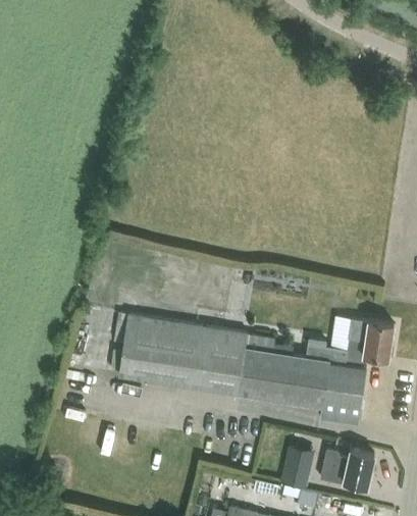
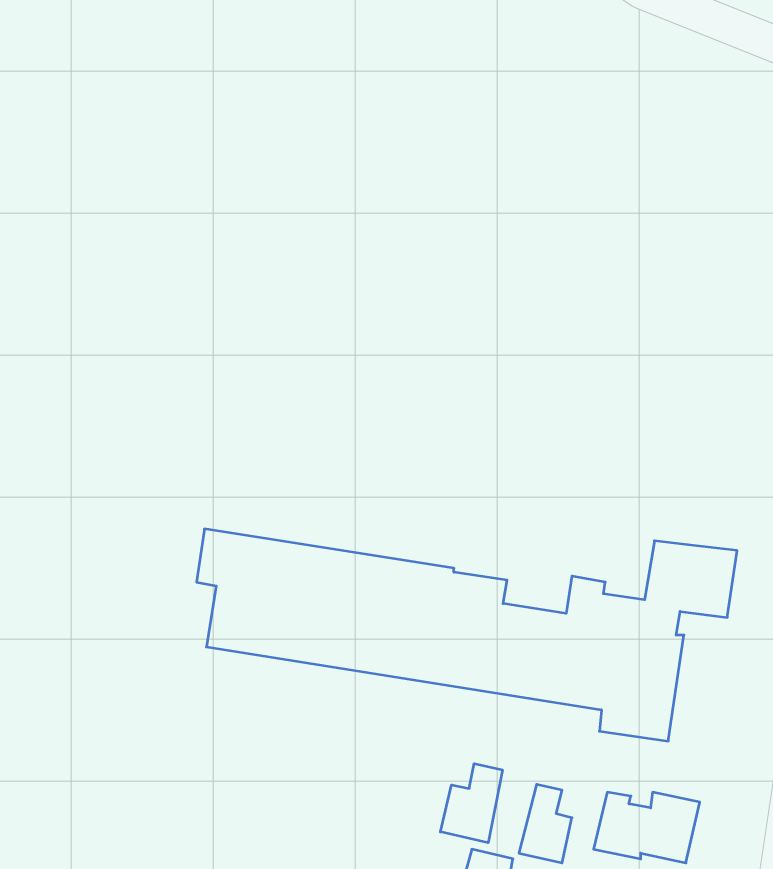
building: none -> [440,764,502,843]

